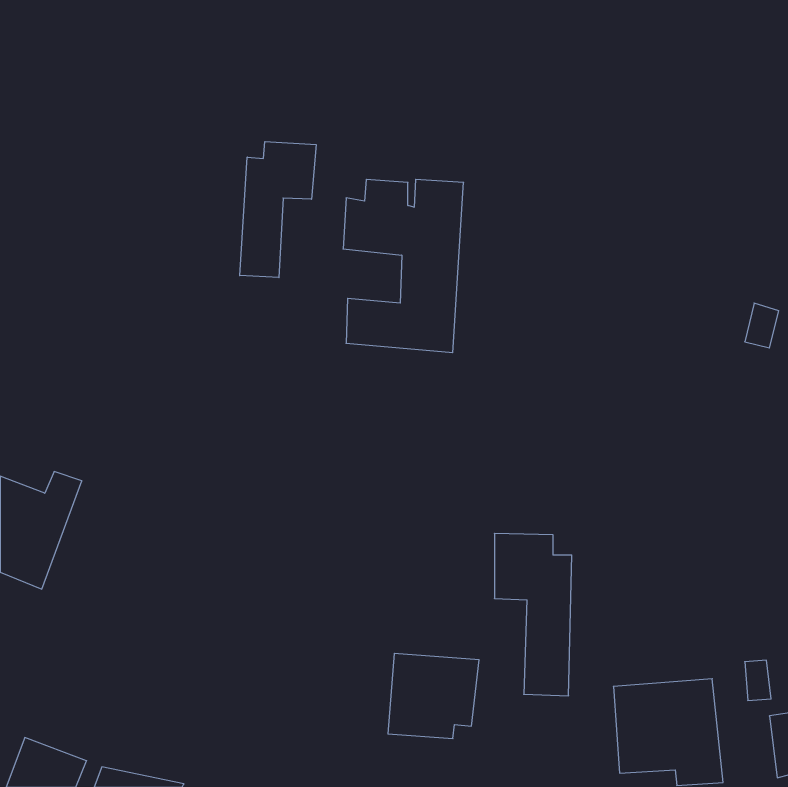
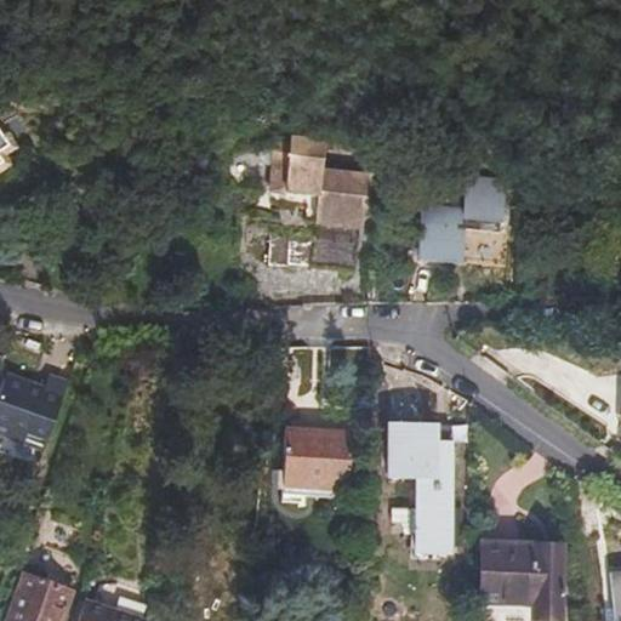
building: [240,142,316,278] -> none
building: none -> [425,193,508,253]
building: [388,653,479,739] -> [281,428,353,495]

